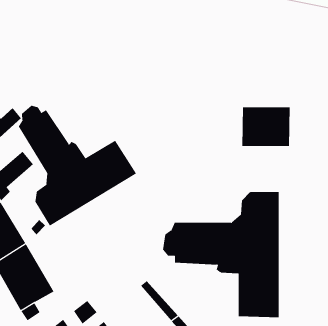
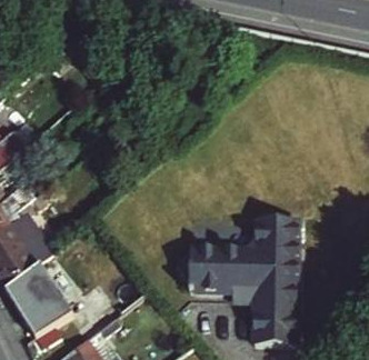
building: [18,105,137,226] -> none
building: [242,107,290,147] -> none

